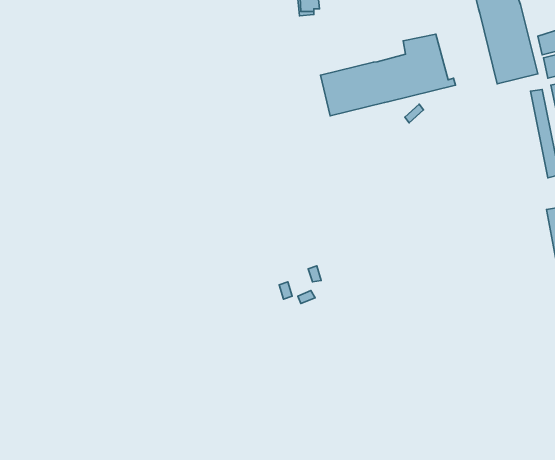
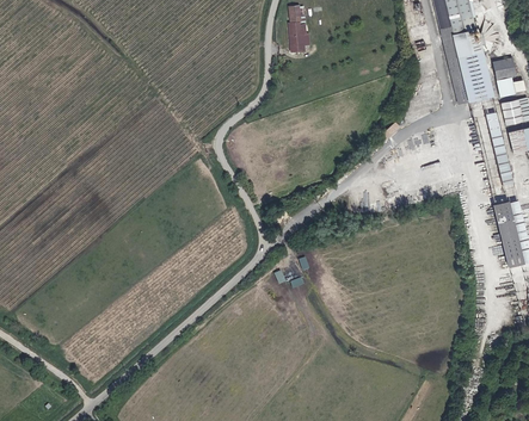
building: [320,34,455,116] -> none

